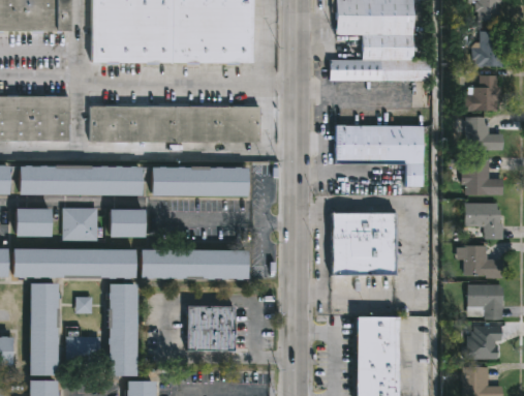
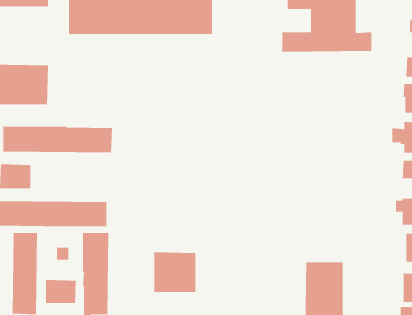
building: [90,105,263,142] -> none
building: [335,125,424,186] -> none
building: [152,165,247,195] -> none
building: [62,208,98,241] -> none
building: [110,209,145,237] -> none
building: [329,212,396,278] -> none
building: [141,249,248,278] -> none

